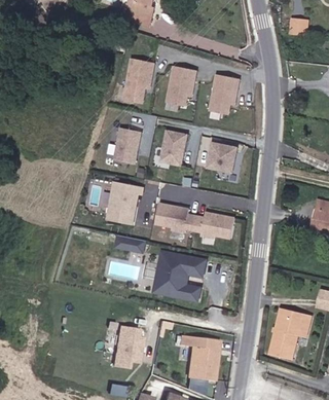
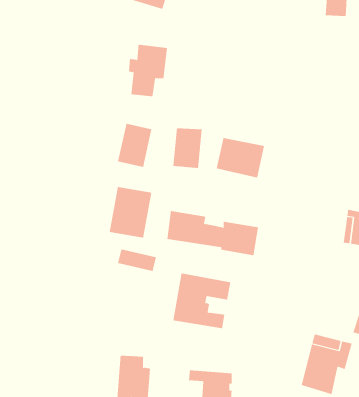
building: [169,66,197,104] -> none
building: [211,74,241,113] -> none

